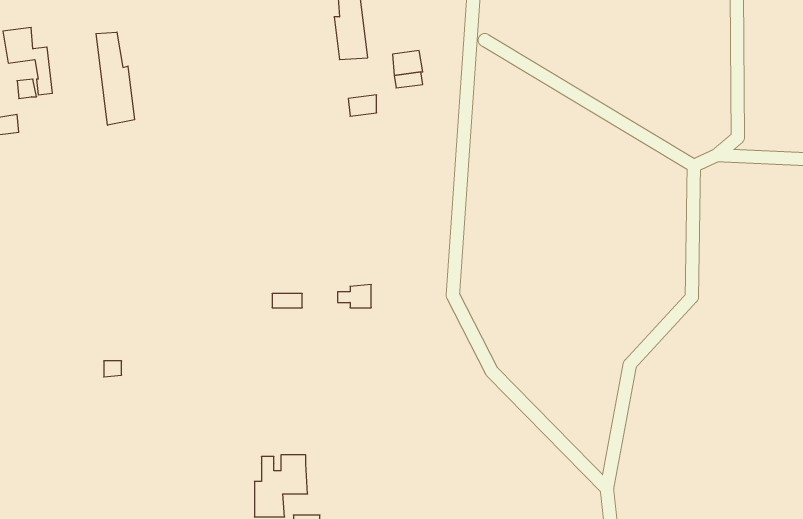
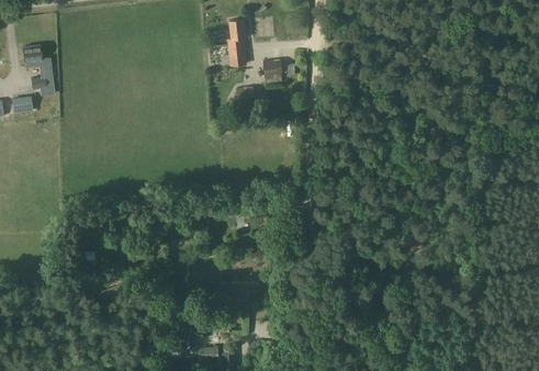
building: [96,32,134,125] -> none

